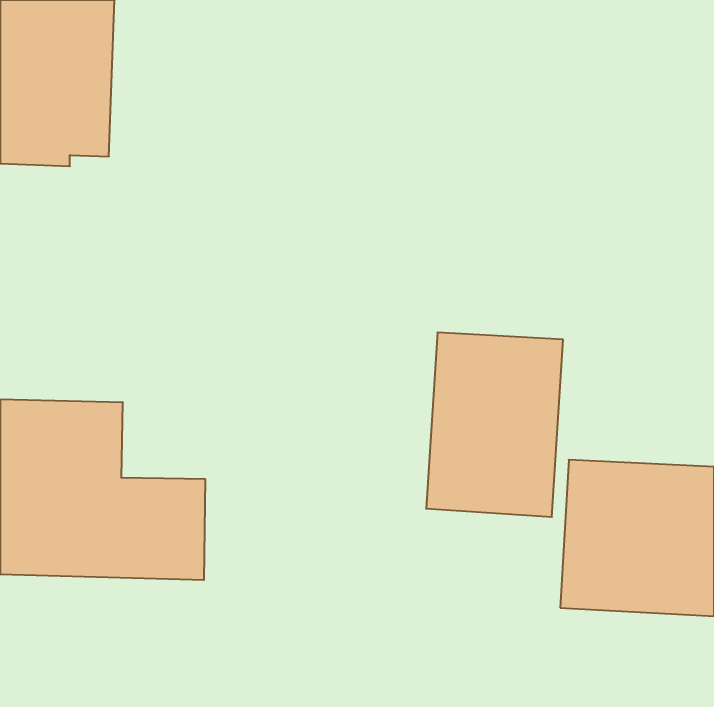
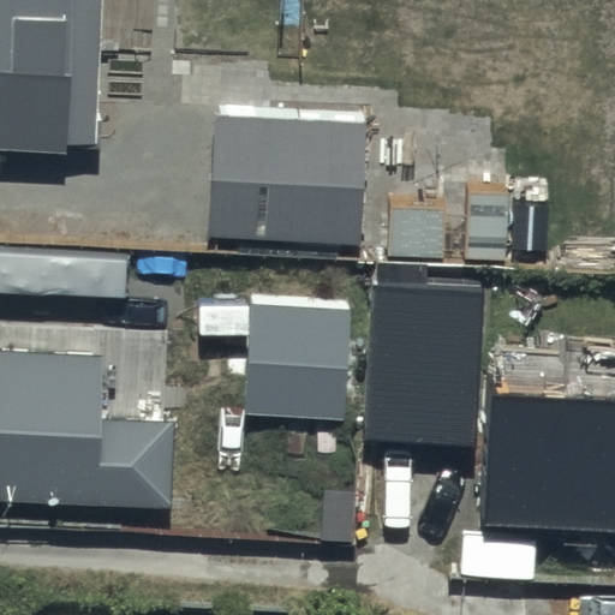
building: none -> [203,113,371,243]
building: none -> [243,306,351,425]

